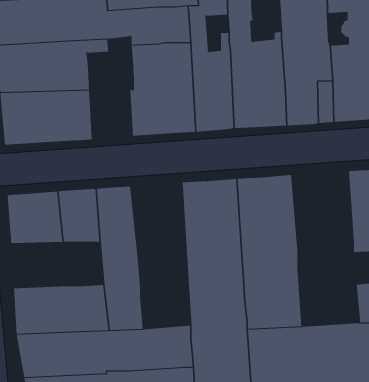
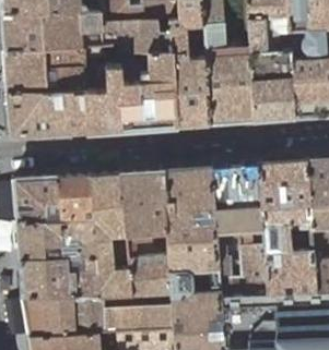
building: none -> [84,67,121,134]
building: none -> [257,160,315,293]
building: none -> [119,170,171,295]
building: none -> [16,221,96,261]

